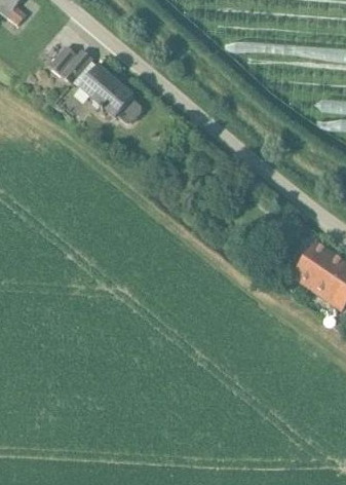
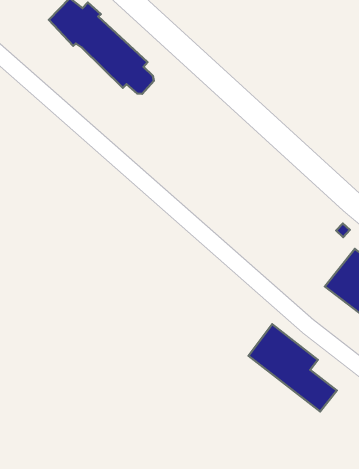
building: none -> [248,324,337,412]

